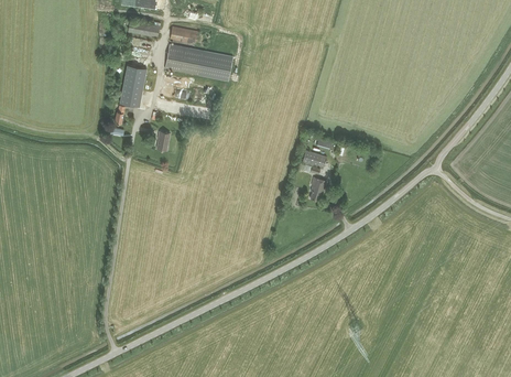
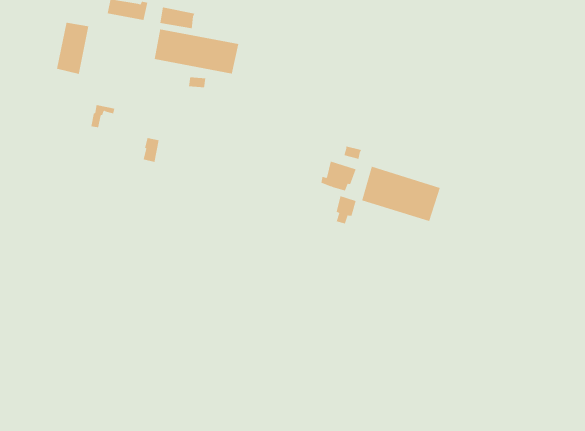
building: [120,64,146,106] -> [56,22,89,74]
building: none -> [362,166,440,222]

